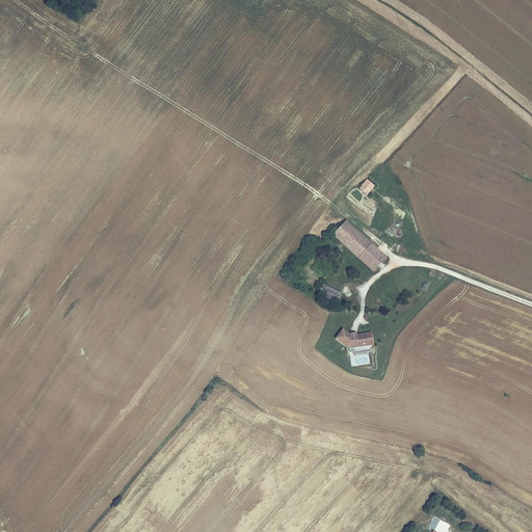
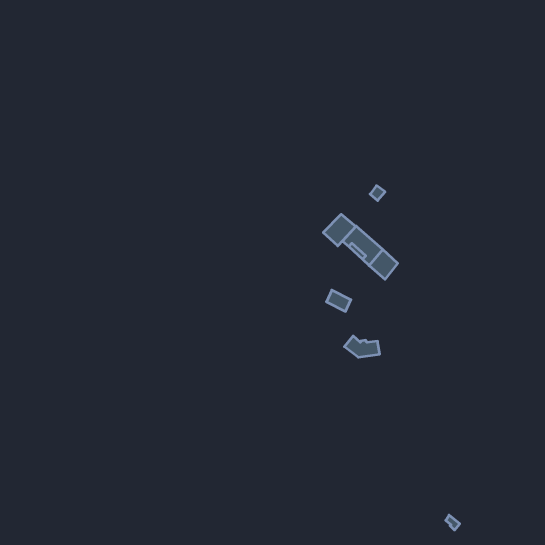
building: none -> [323,214,356,246]

